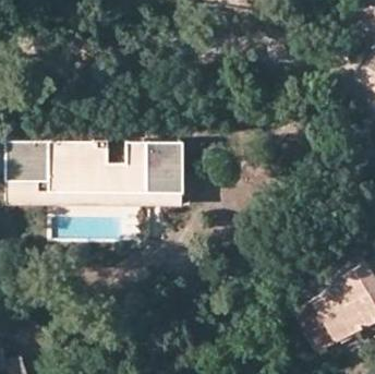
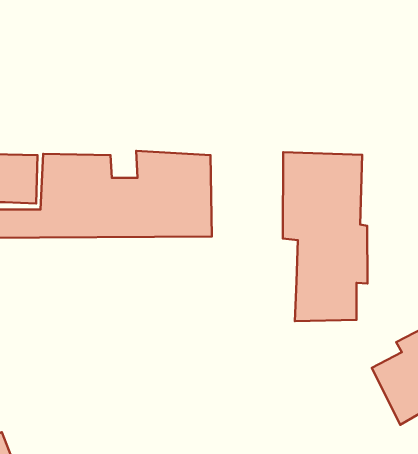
building: none -> [283,152,367,321]

